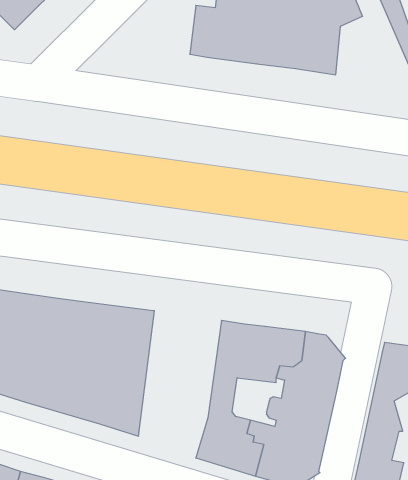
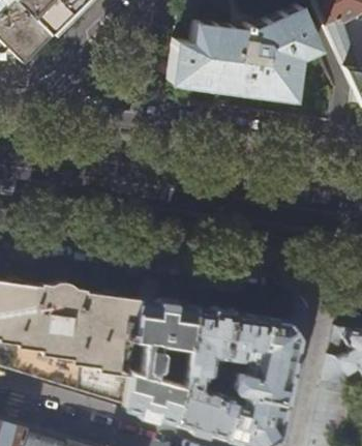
building: none -> [126,299,198,424]

